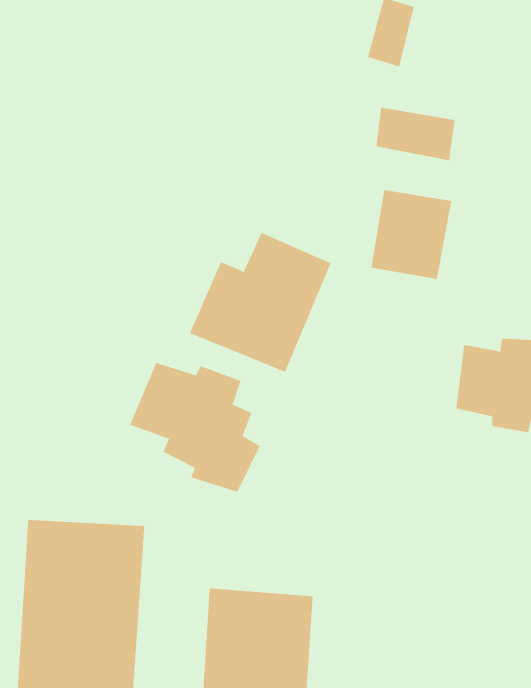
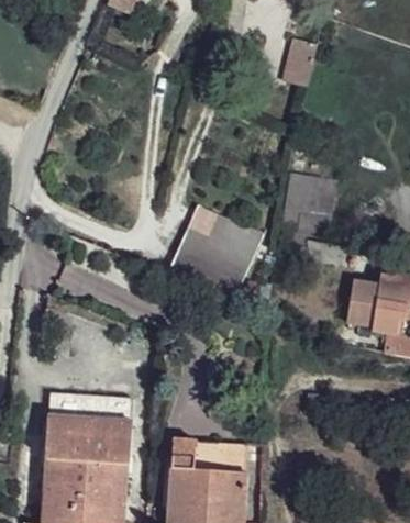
building: [376,107,455,161] -> none
building: [129,362,261,493] -> none

